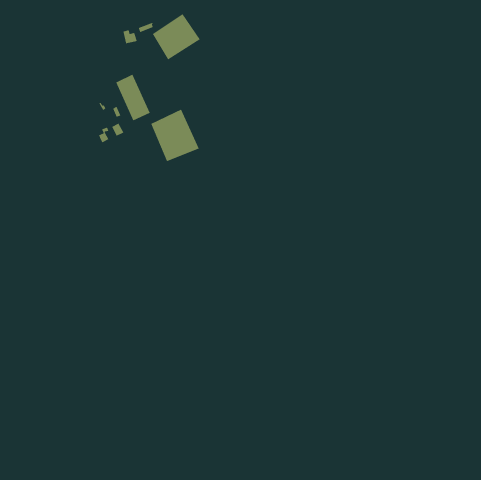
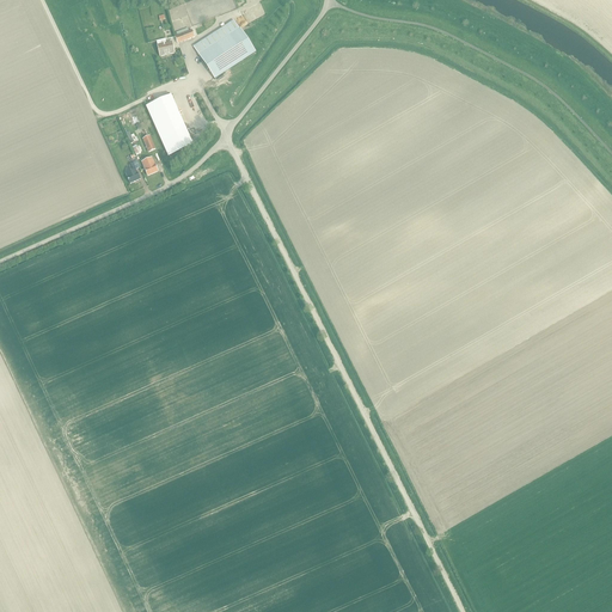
building: [150,109,200,162] -> none

